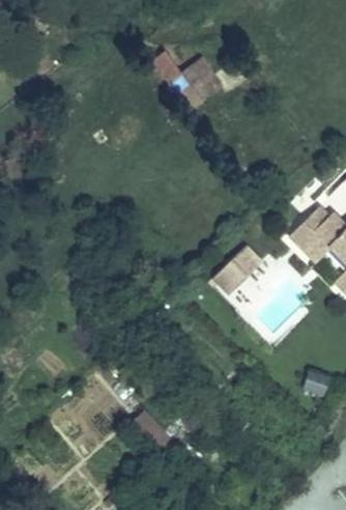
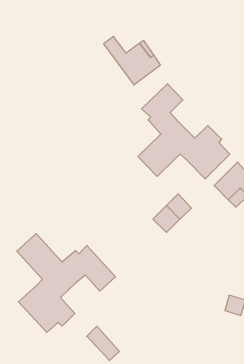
building: none -> [138,84,230,179]
building: none -> [17,234,116,332]

